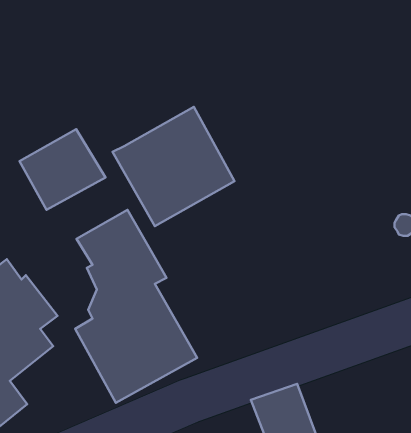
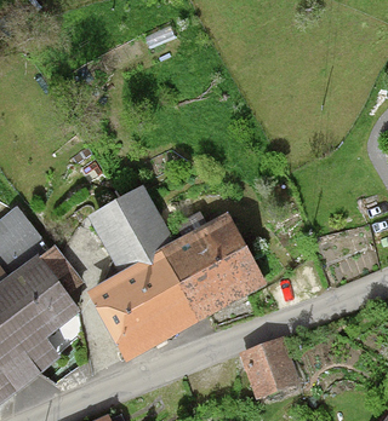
building: [113,107,235,226] -> [160,218,262,317]
building: [20,129,105,210] -> none

